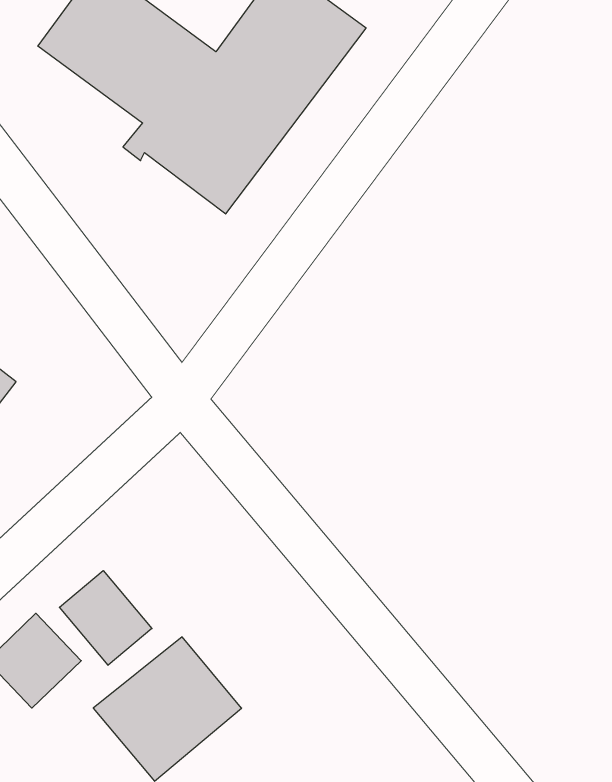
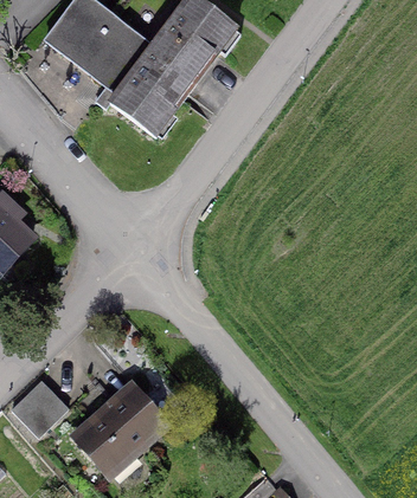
building: [59,571,152,665] -> none

